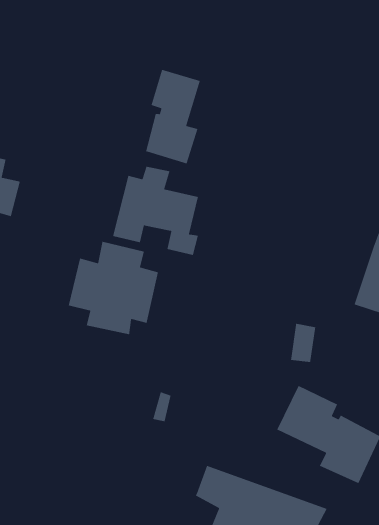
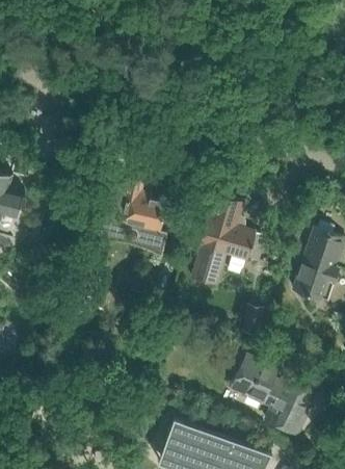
building: [145,69,201,165] -> none
building: none -> [189,196,255,287]
building: [68,241,159,335] -> none

